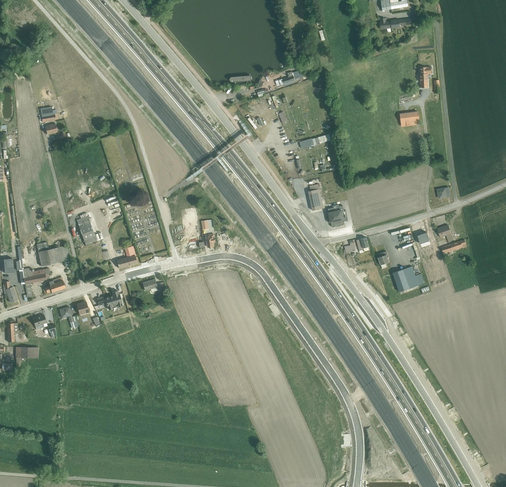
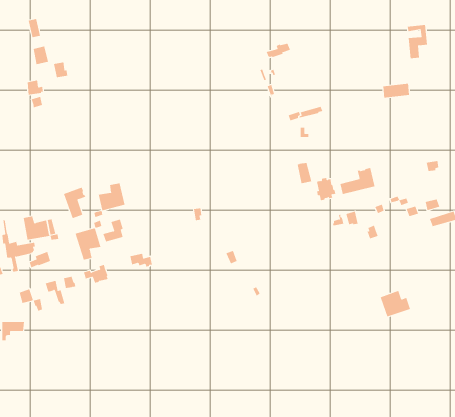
building: none -> [340,167,375,195]
building: none -> [94,182,125,218]
building: none -> [75,220,102,261]
building: [393,265,424,292] -> [380,290,411,317]

